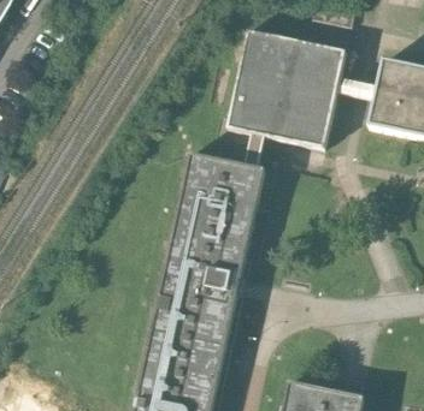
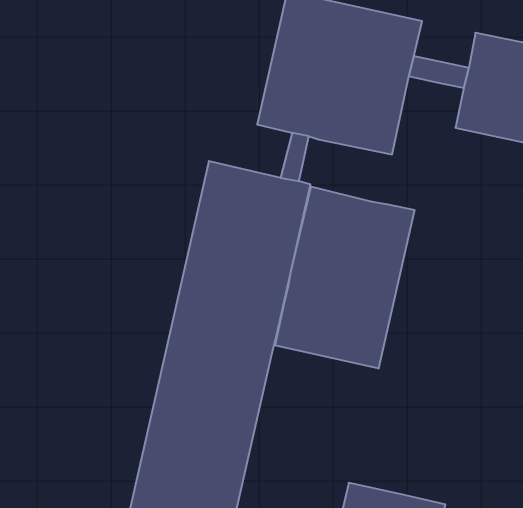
building: none -> [275,187,415,369]

